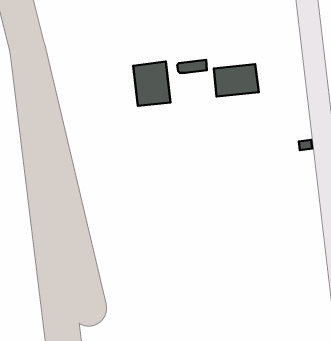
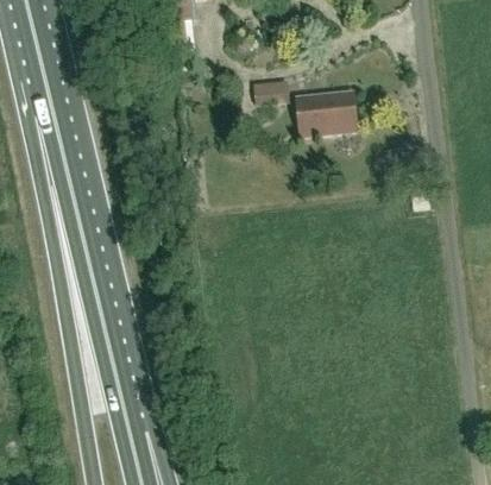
building: [133,62,171,106] -> none

